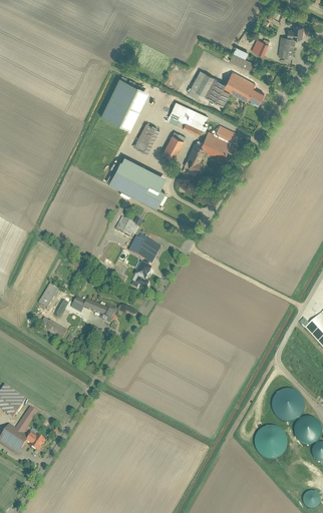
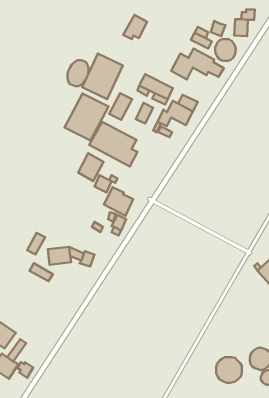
building: none -> [215,39,236,61]
building: [187,69,215,97] -> [123,15,147,39]
building: none -> [68,60,88,86]
building: none -> [64,93,108,141]
building: none -> [78,153,103,181]
building: [274,391,305,422] -> none

